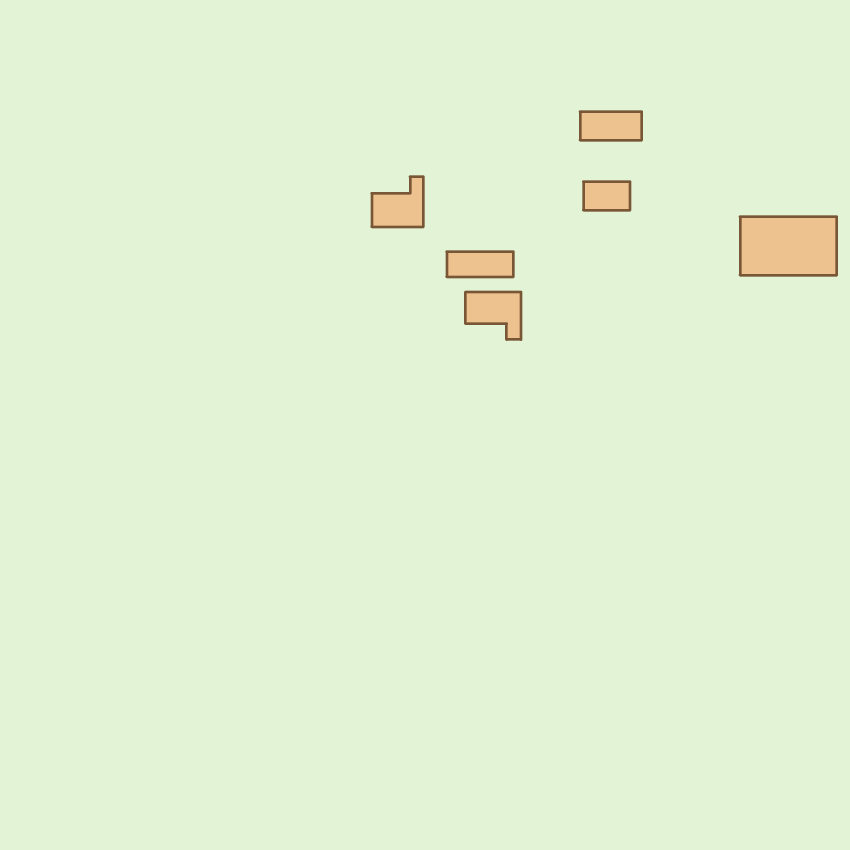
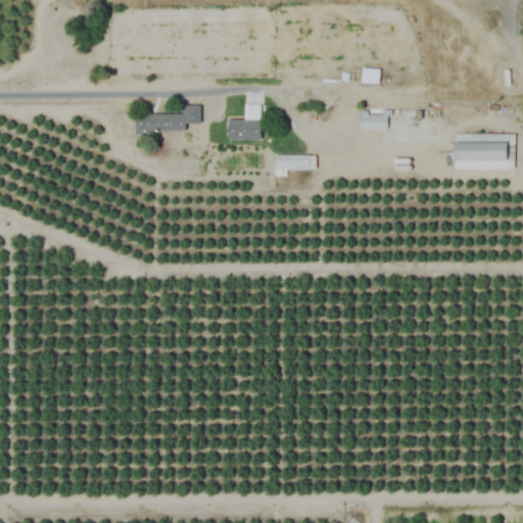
building: none -> [136,105,200,133]
building: [466,292,521,340] -> none

